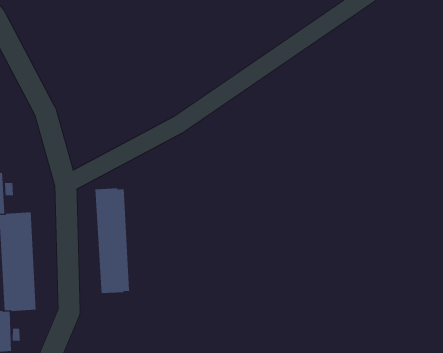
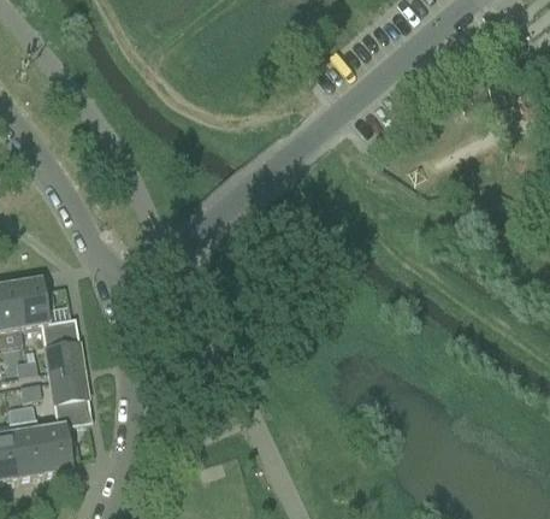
building: [95,188,130,294] -> none

